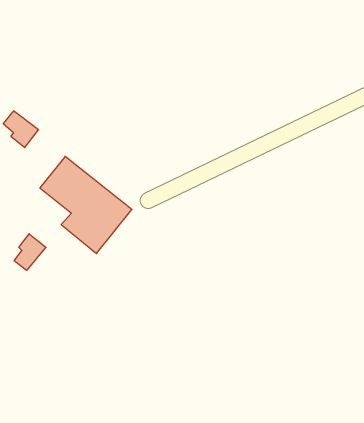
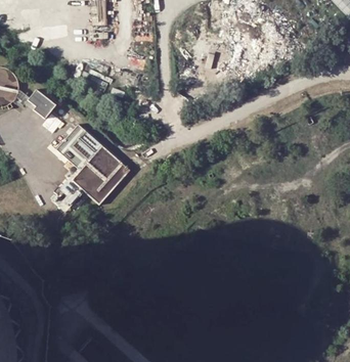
building: [14,234,46,270] -> none

